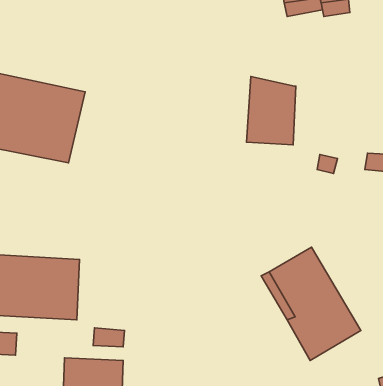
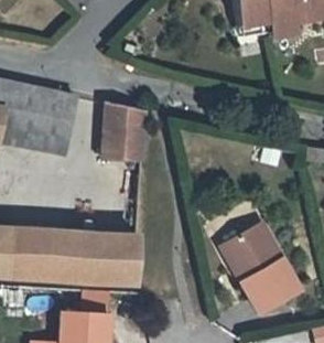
building: [247,77,296,145] -> [105,104,144,159]
building: none -> [72,232,138,283]

